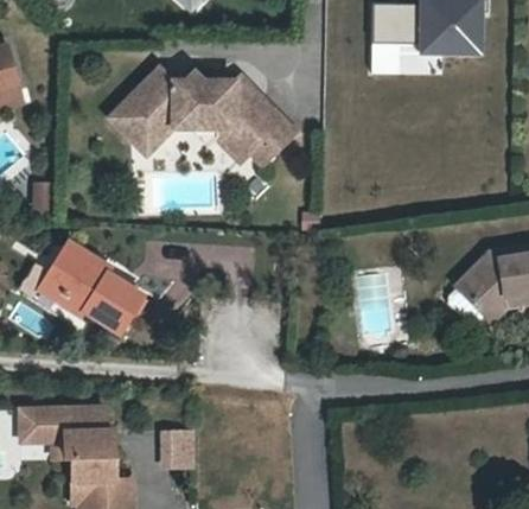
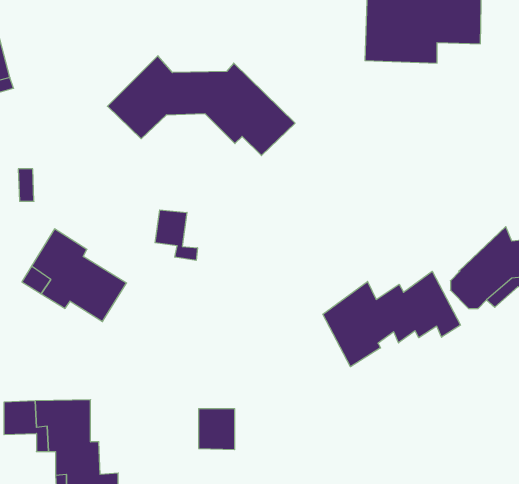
building: none -> [155,210,197,260]
building: none -> [323,271,460,367]
building: [158,427,193,467] -> [199,409,235,450]

